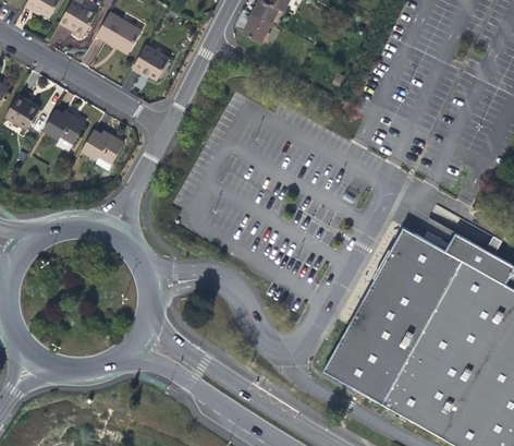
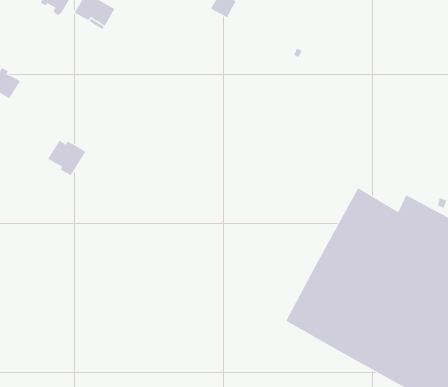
building: [131,46,169,81] -> none
building: [41,110,85,144] -> none
building: [79,130,122,169] -> [47,140,86,176]

